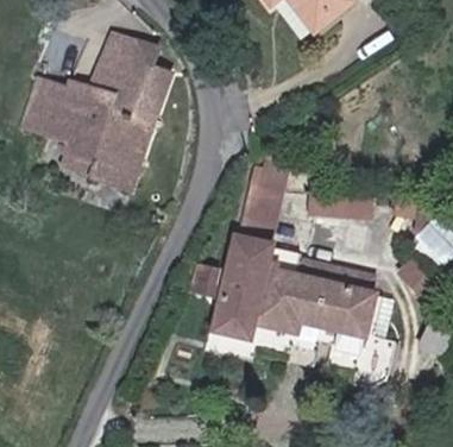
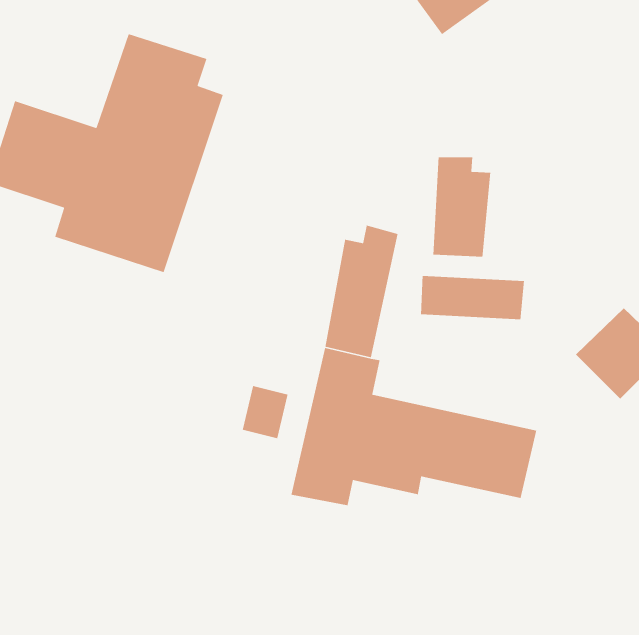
building: none -> [433,156,491,257]

